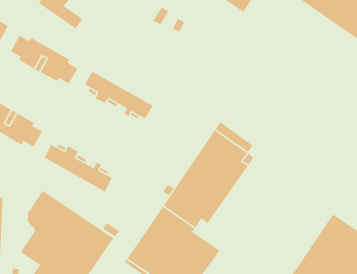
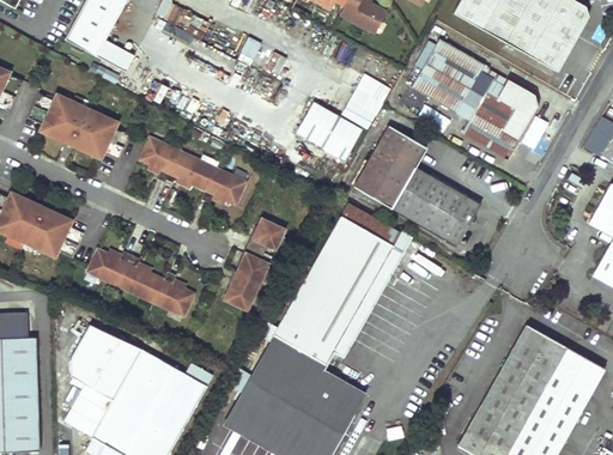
building: none -> [411,38,538,158]
building: none -> [292,72,389,158]
building: none -> [353,123,481,245]
building: none -> [227,220,286,311]

